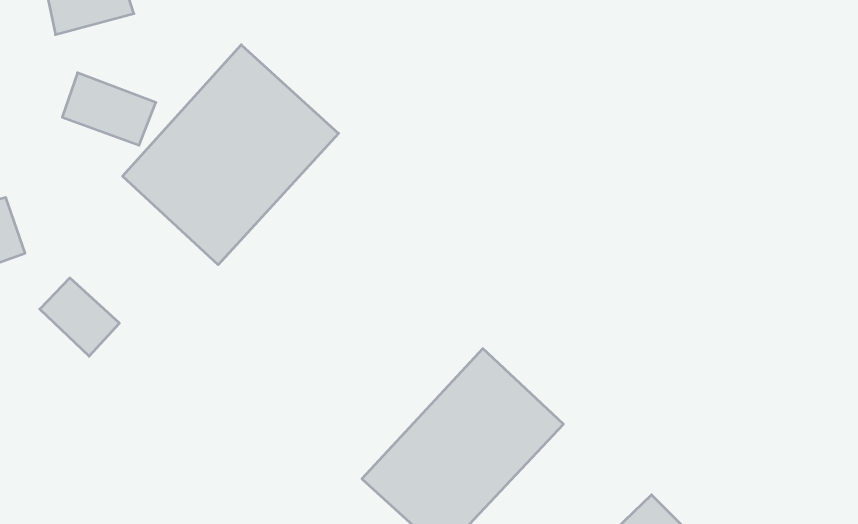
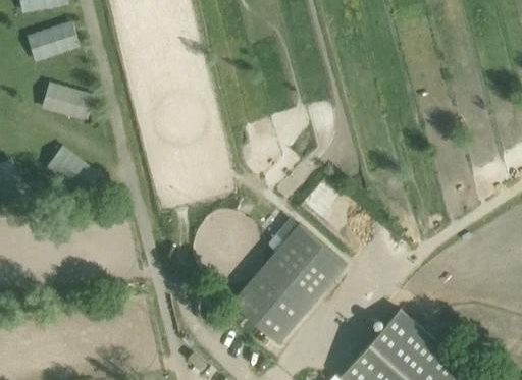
building: [123,45,339,265] -> none
building: [40,278,119,356] -> [47,148,94,193]

